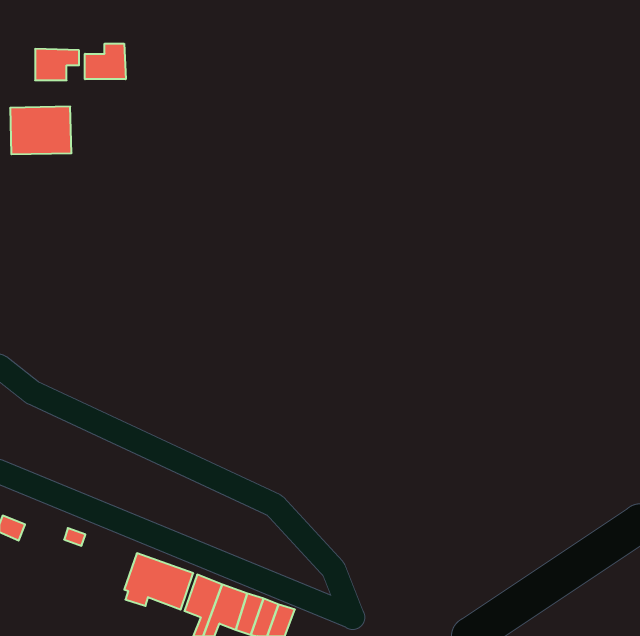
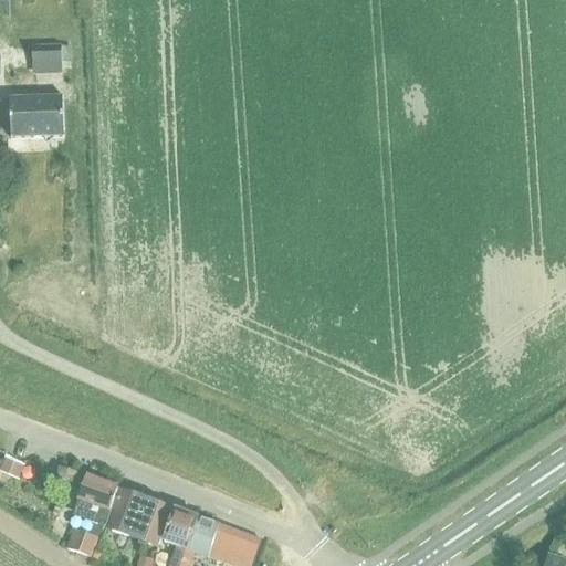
building: [85,44,126,79] -> none
building: none -> [74,474,116,517]
building: none -> [64,526,98,556]

